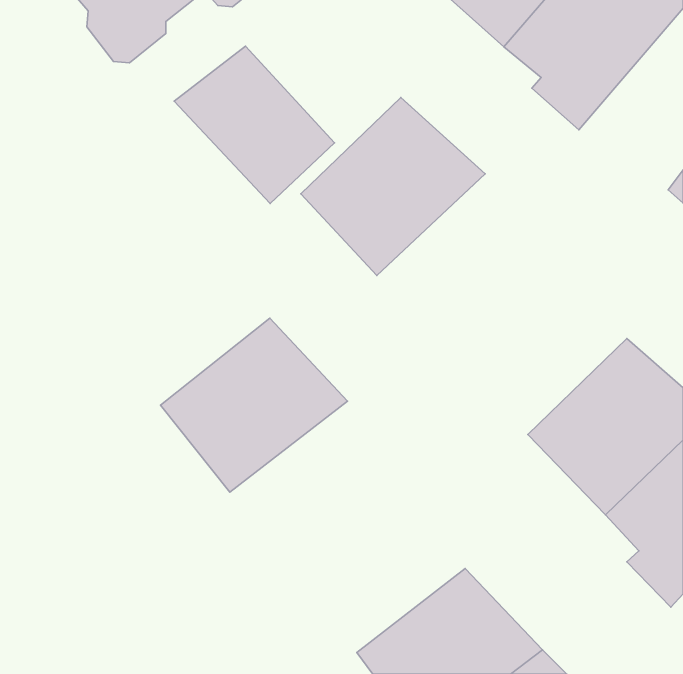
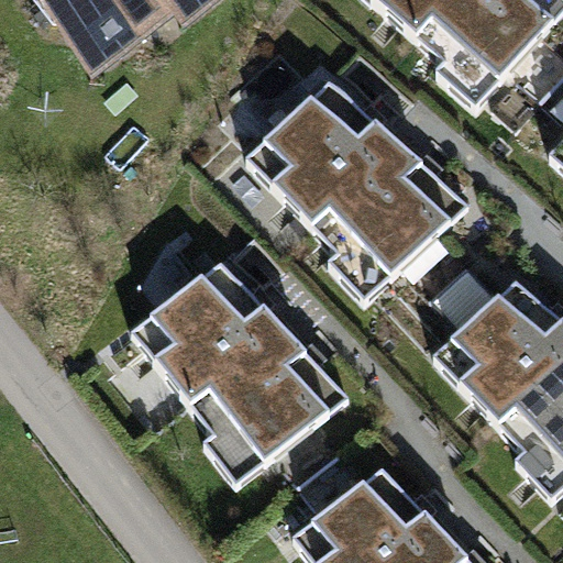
building: [174,46,334,204] -> none
building: none -> [310,143,468,301]
building: none -> [189,330,349,485]

